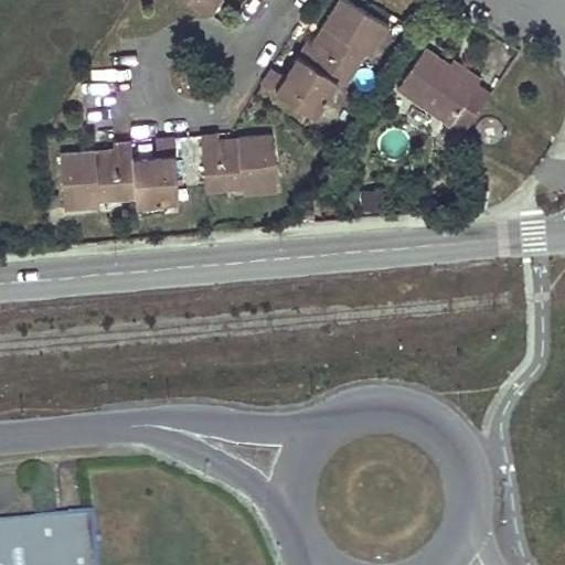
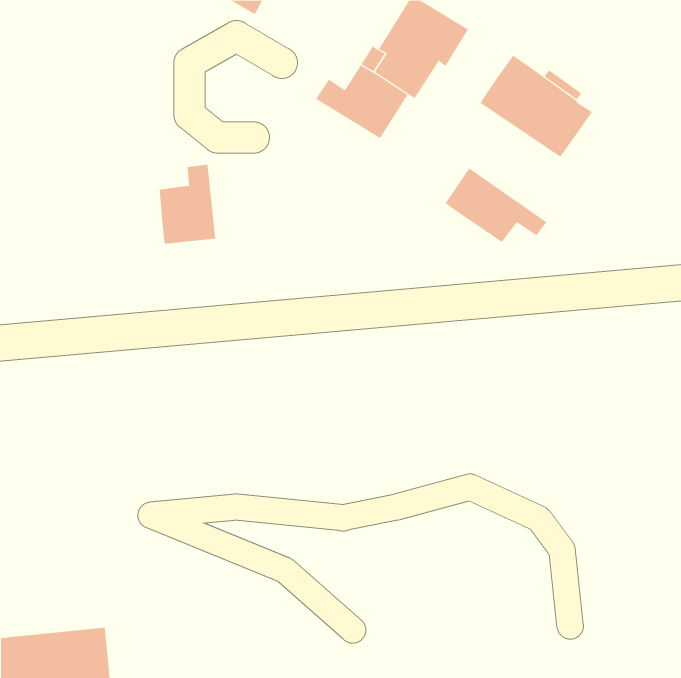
building: [201,136,277,194] -> none
building: none -> [445,168,547,243]
building: [60,143,136,212] -> none

